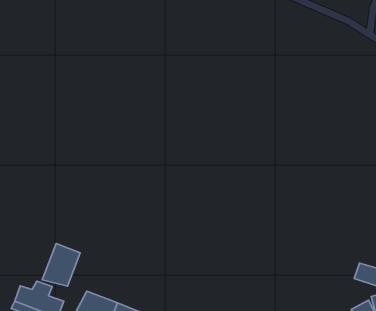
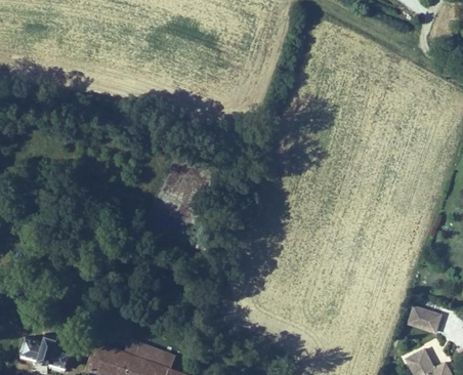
building: [42,244,80,286] -> none

